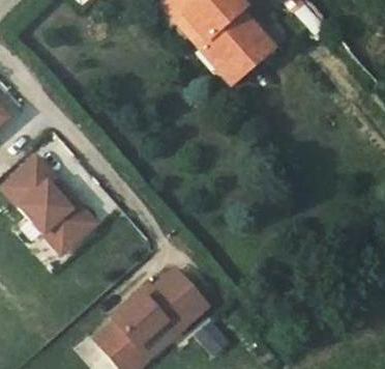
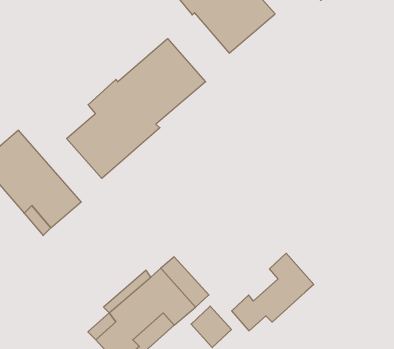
building: none -> [67,39,206,178]
building: none -> [232,253,314,331]

